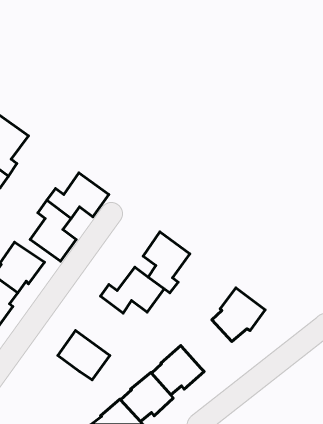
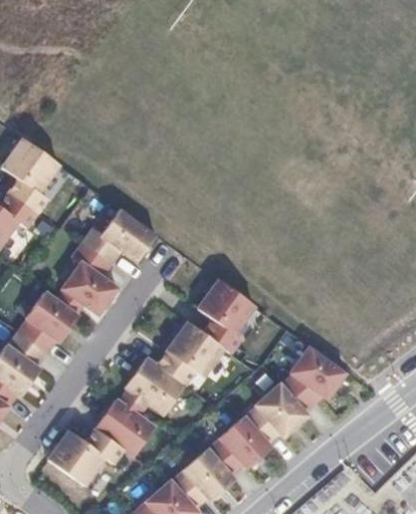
building: none -> [125,357,187,416]
building: none -> [243,383,306,444]
building: none -> [48,429,121,484]

